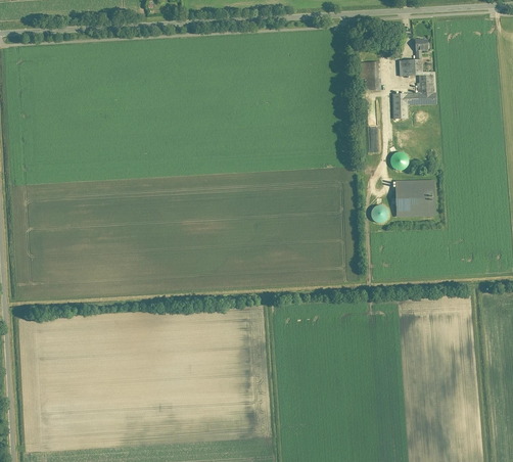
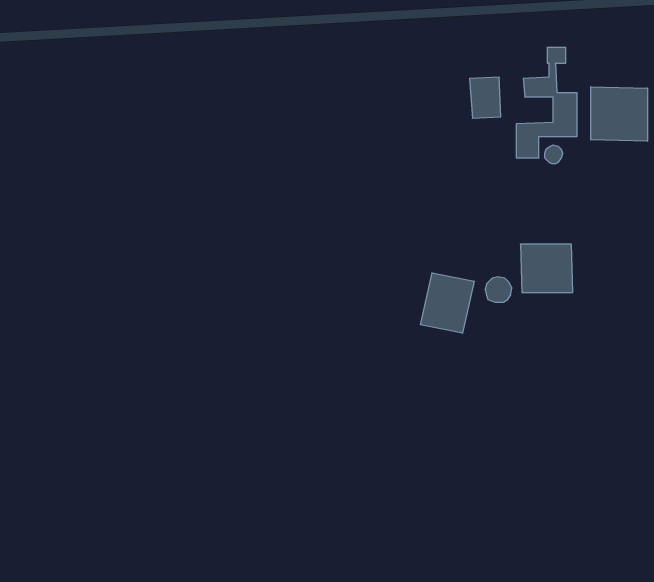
building: none -> [591,87,647,141]
building: none -> [421,273,474,333]

